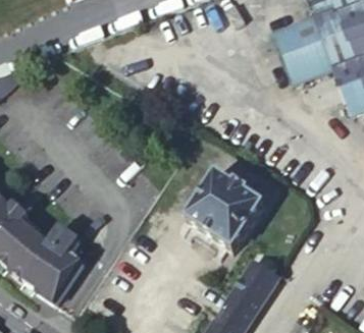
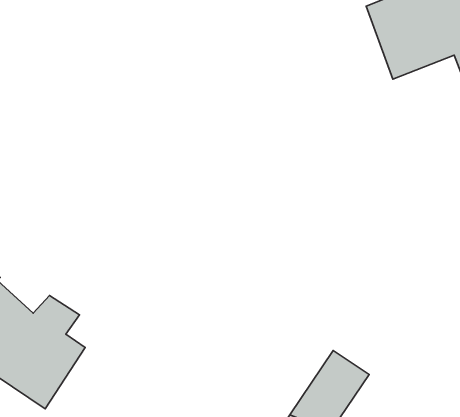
building: [188,169,270,251] -> none

